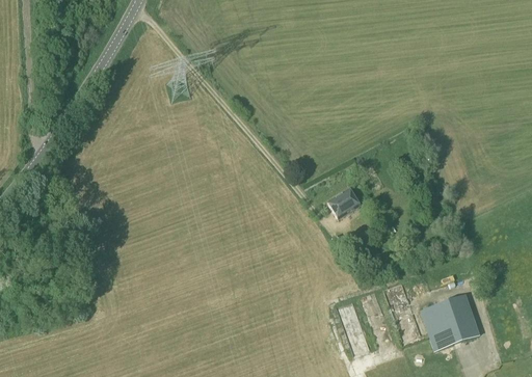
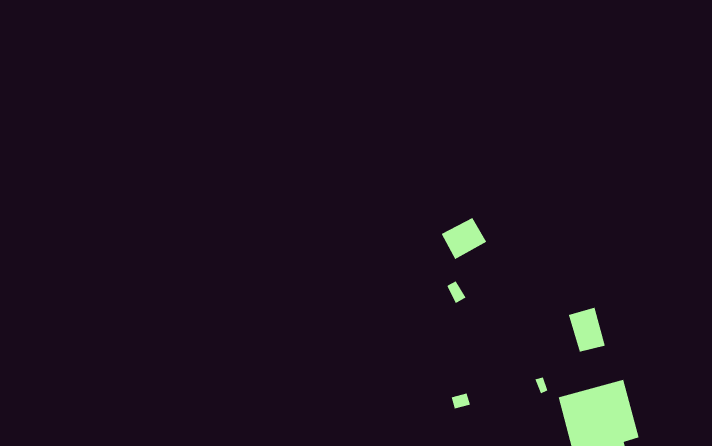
building: none -> [568,307,605,353]

